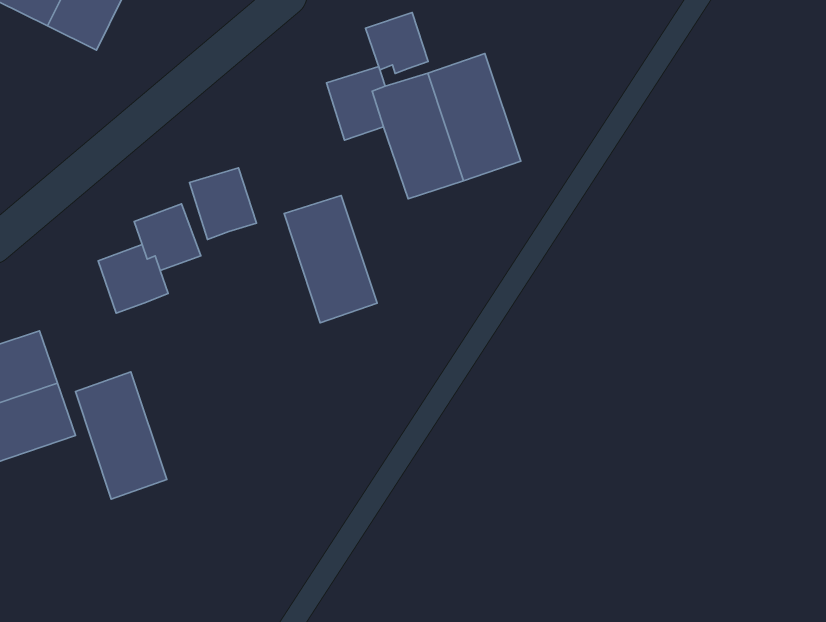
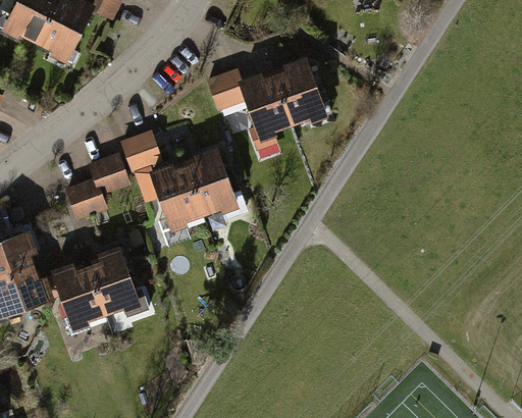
building: [365,13,428,74] -> none
building: none -> [146,158,203,238]
building: none -> [85,246,143,324]

